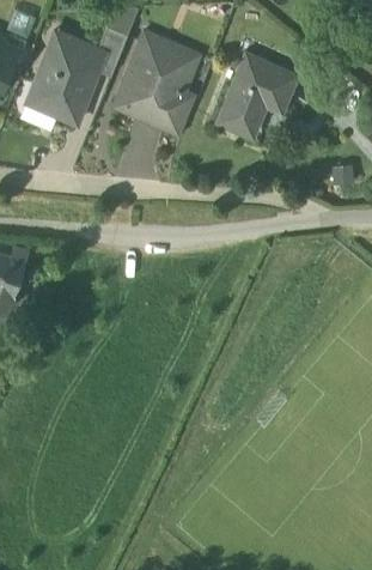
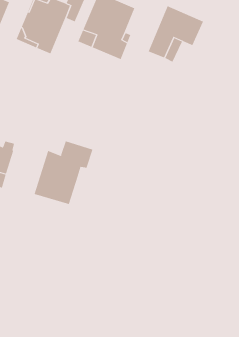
building: none -> [34,141,93,205]

